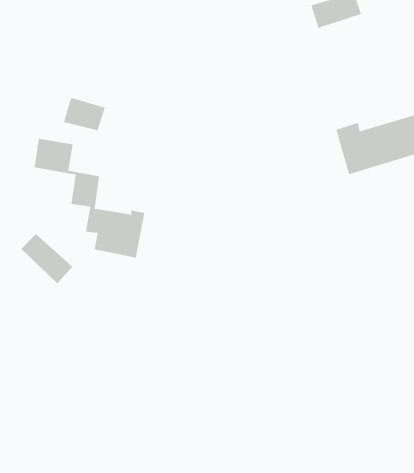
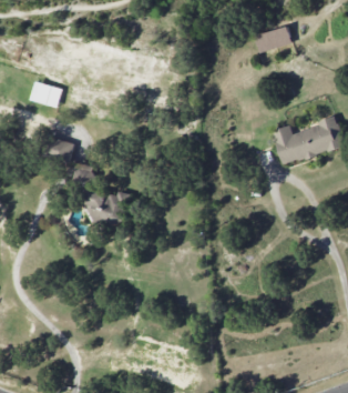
building: [63,97,106,131] -> [30,82,62,108]
building: [21,233,73,284] -> none

